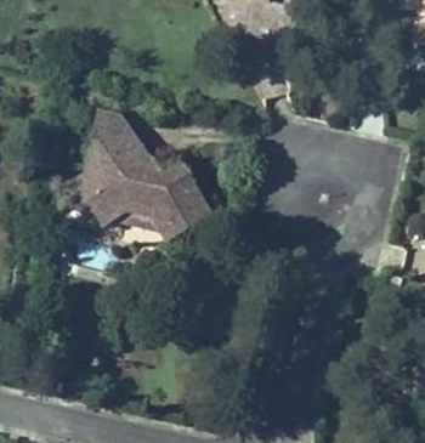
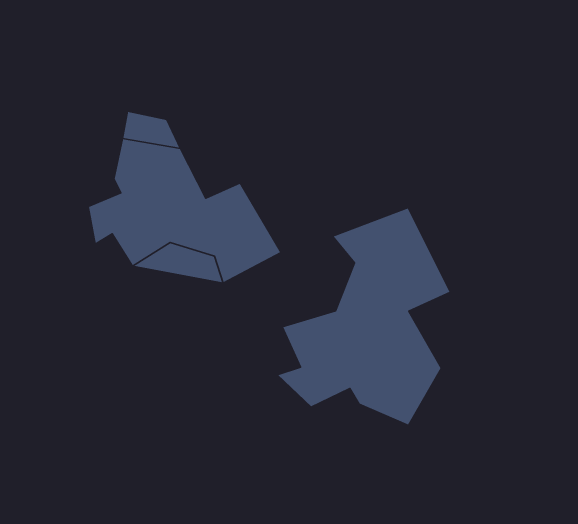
building: none -> [277,207,451,426]

